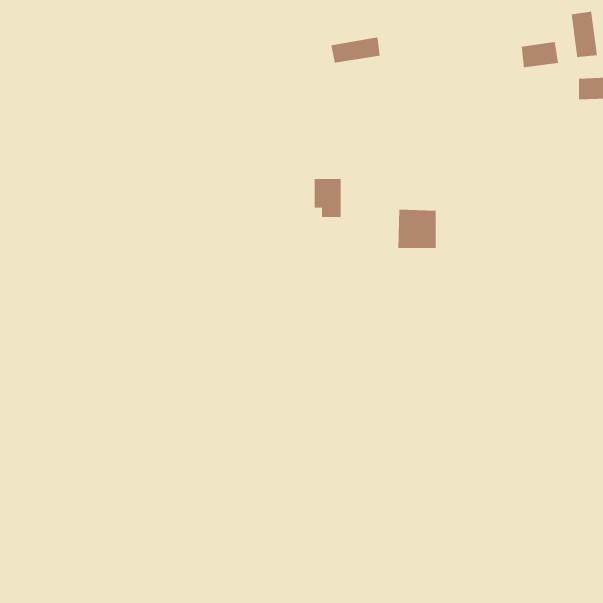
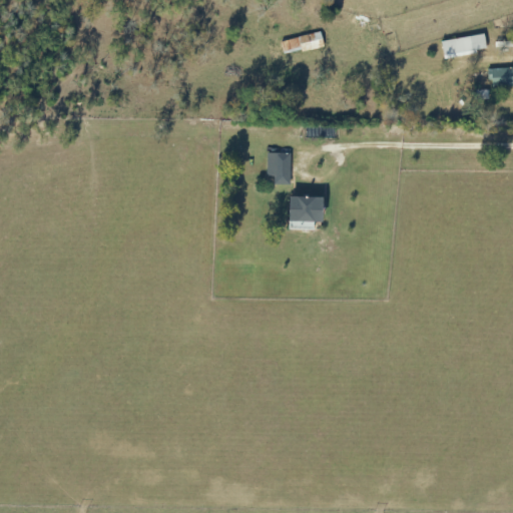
building: [571,11,597,58] -> none
building: [397,209,437,248] -> [289,194,322,227]

